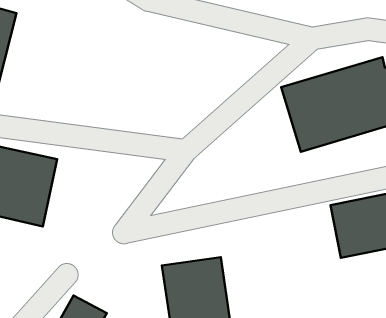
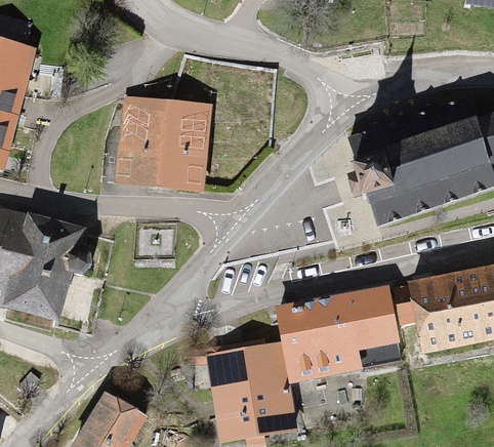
building: none -> [115,98,212,190]
building: none -> [278,290,396,380]

